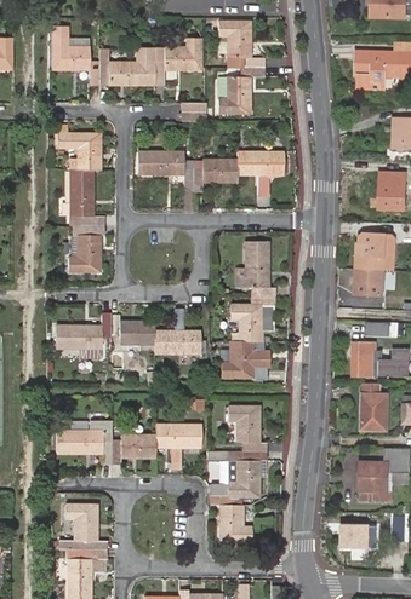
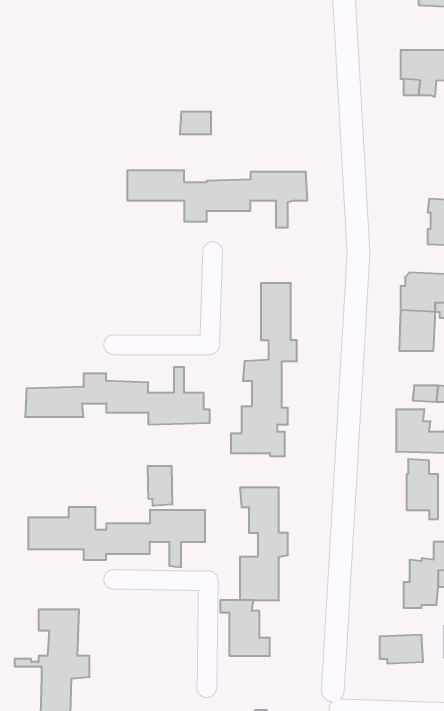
building: [218,21,263,113] -> none
building: [52,27,201,85] -> none
building: [56,127,103,272] -> none
building: none -> [148,466,172,506]

